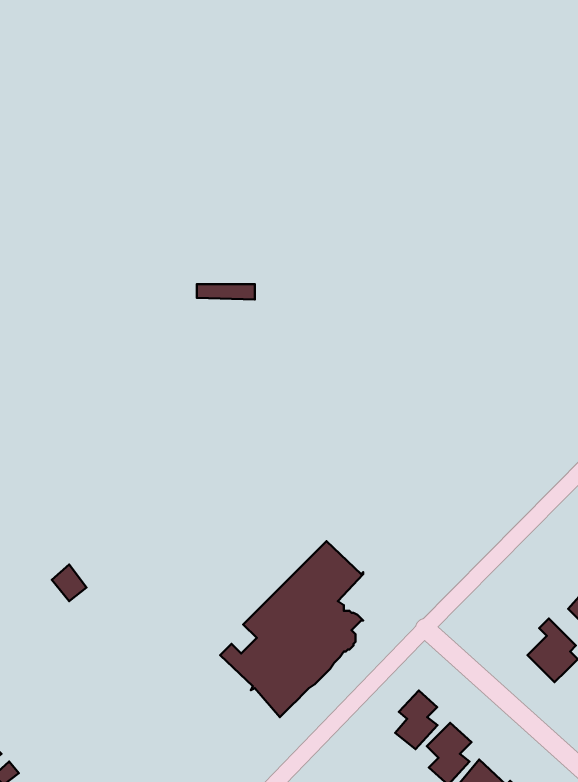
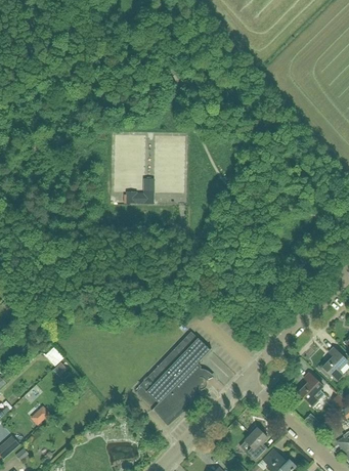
building: [395,690,437,749] -> none

